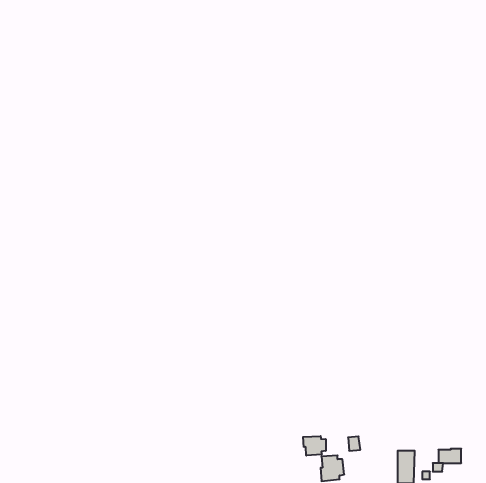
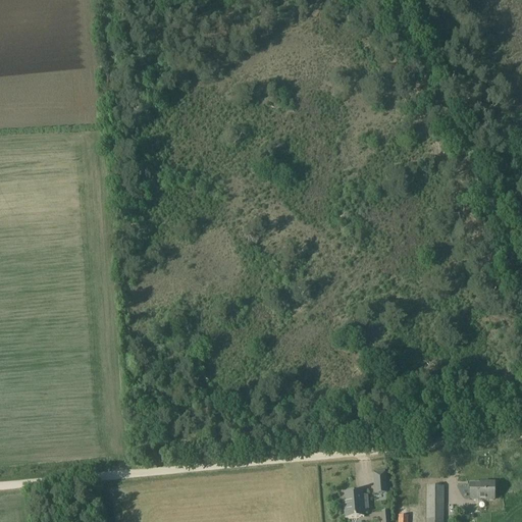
building: [303,436,326,456] -> none

